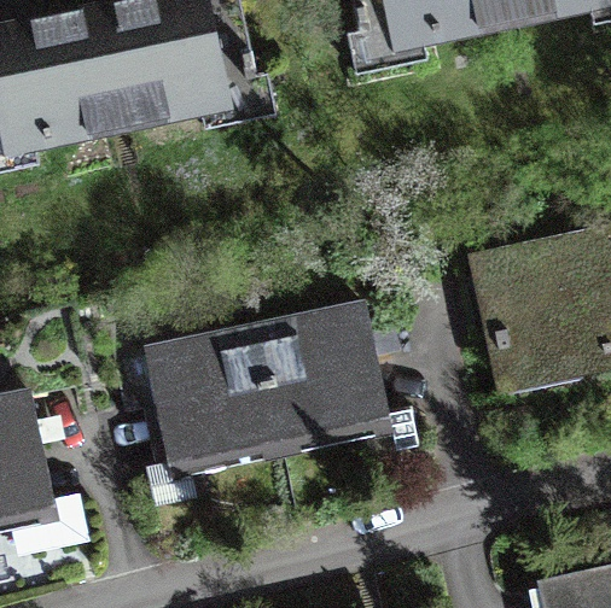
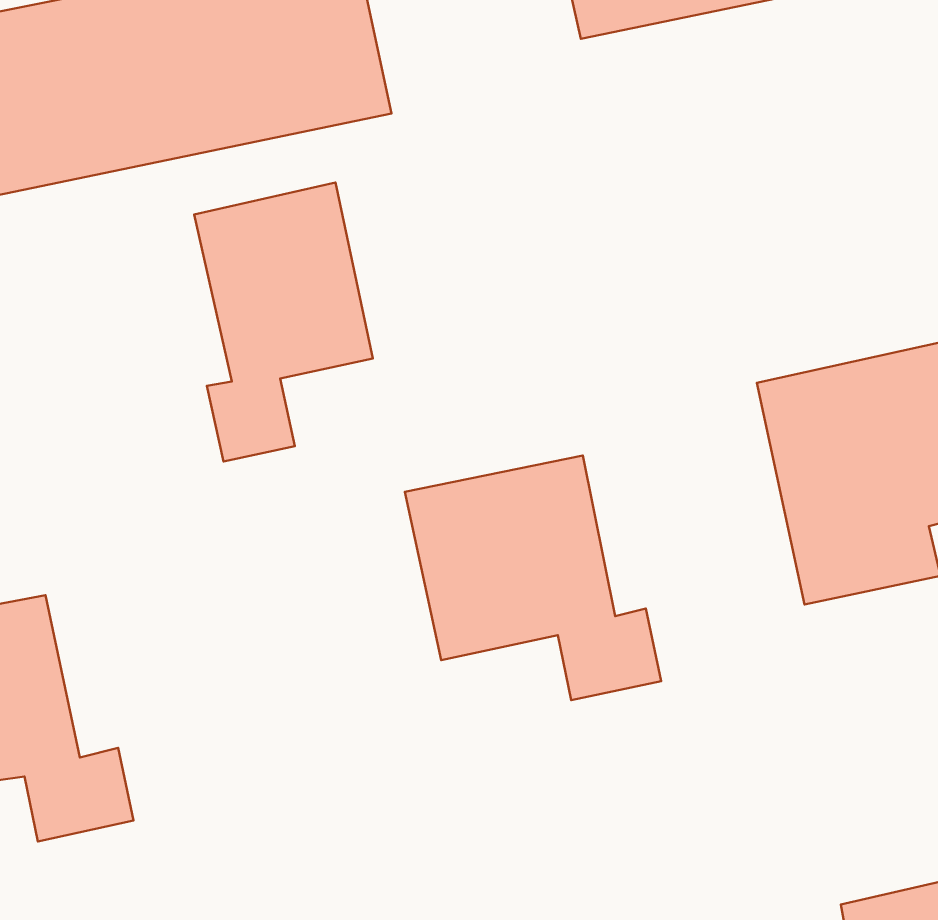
building: none -> [194,182,373,462]
building: [107,308,280,509] -> none

